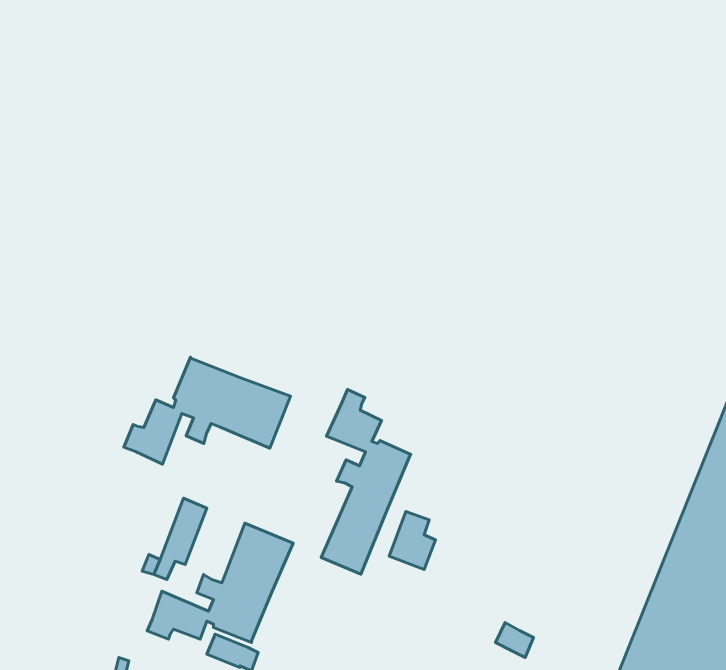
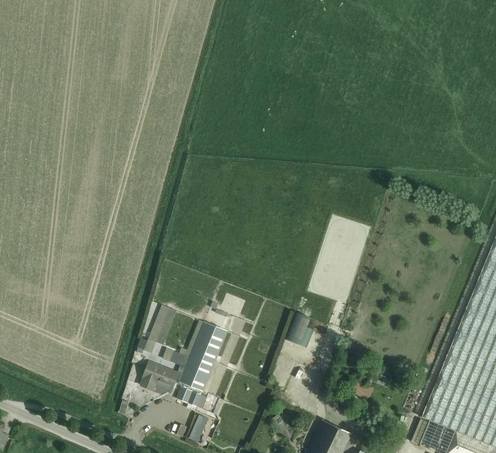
building: [124,357,290,464] -> none
building: [321,390,411,574] -> none

